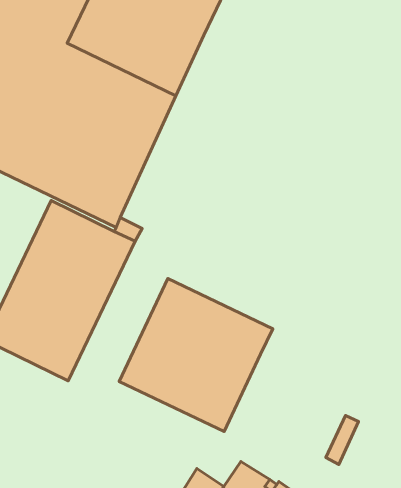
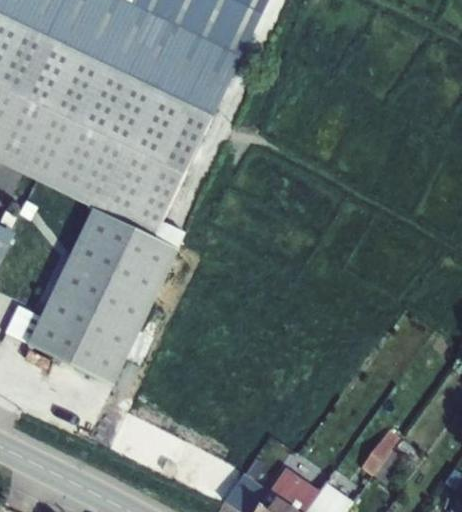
building: [119,279,273,432] -> none

